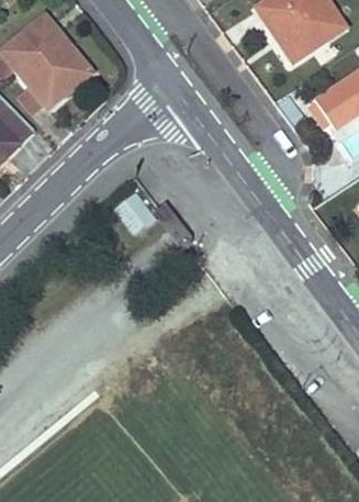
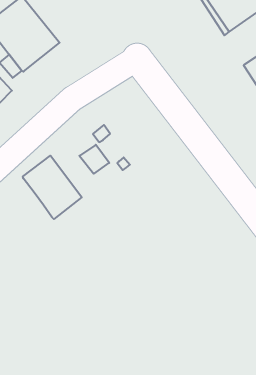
building: none -> [23,156,82,219]

